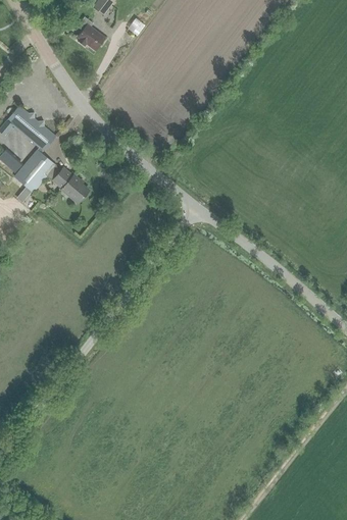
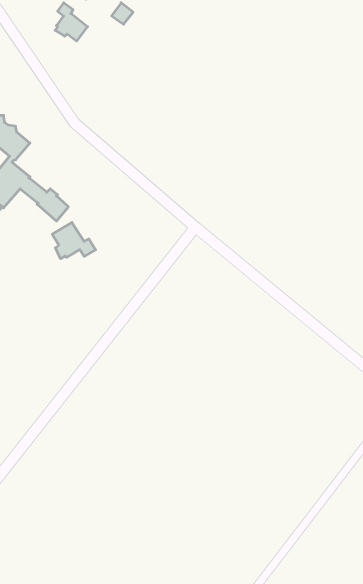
building: none -> [52,222,96,259]

